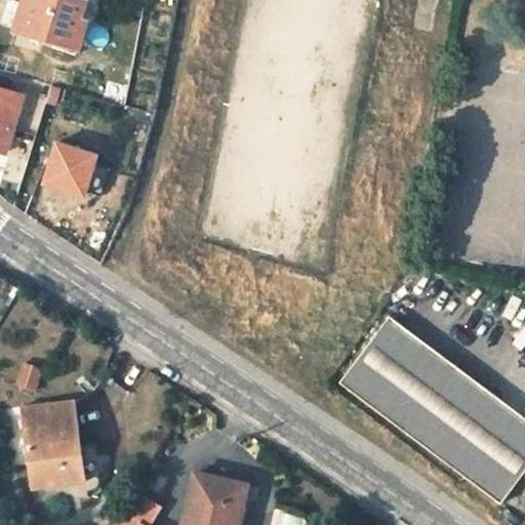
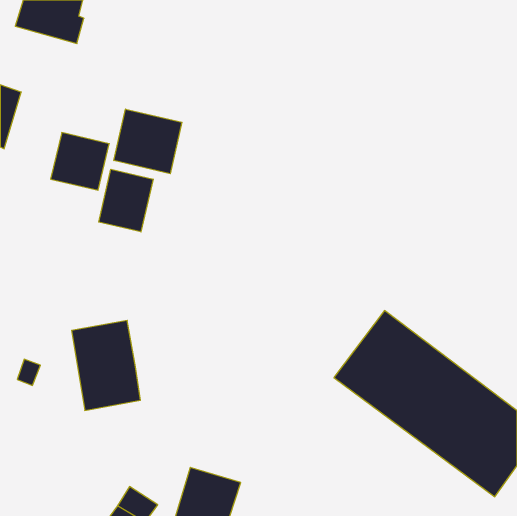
building: none -> [114,109,182,174]
building: none -> [99,169,153,232]
building: [19,400,89,491] -> [72,320,140,410]

